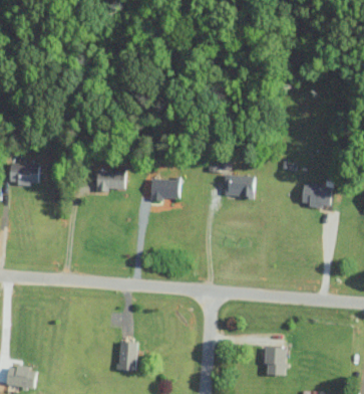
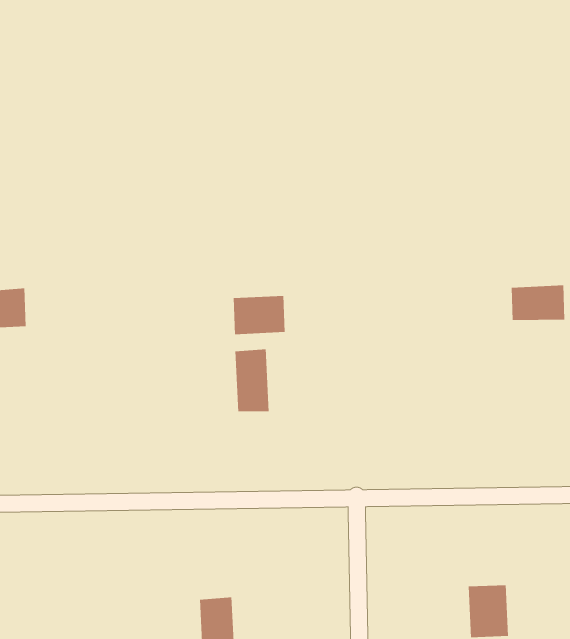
building: [96,171,125,191] -> none
building: [225,175,255,198] -> none
building: none -> [235,349,269,412]

